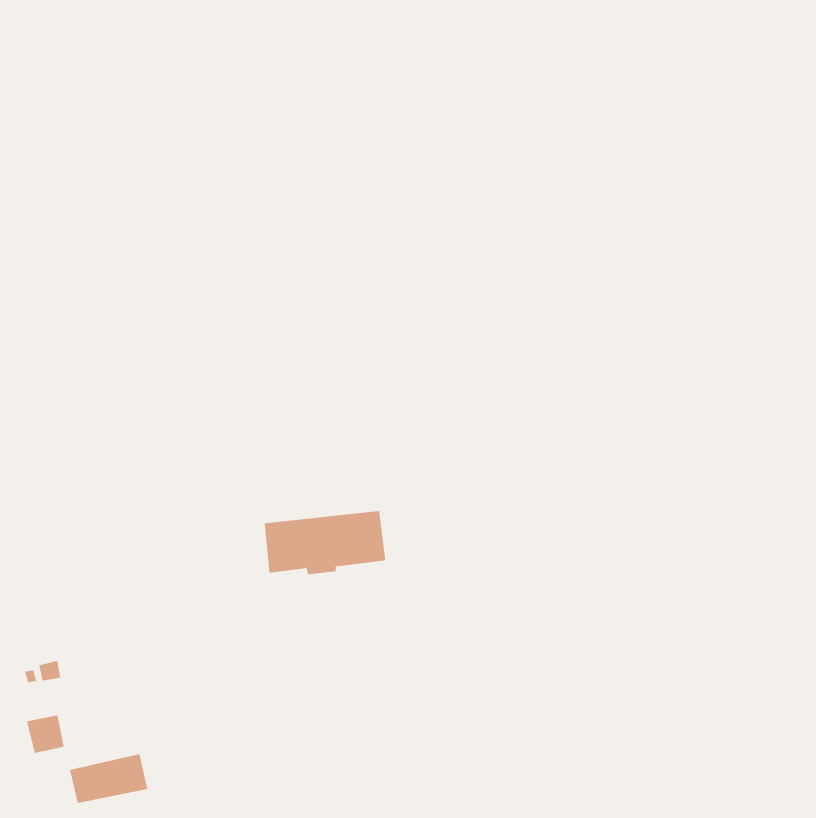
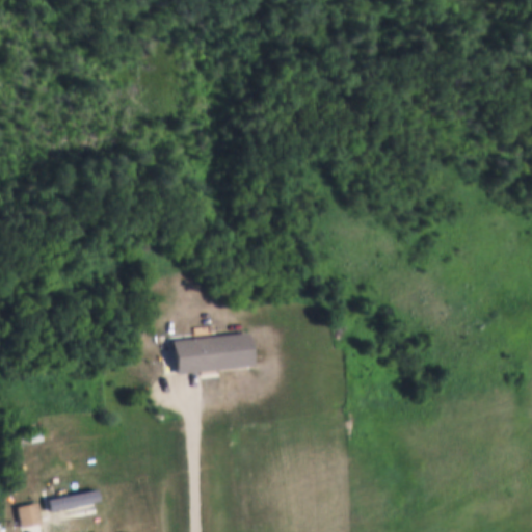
building: [26,715,65,753] -> [18,502,43,527]

